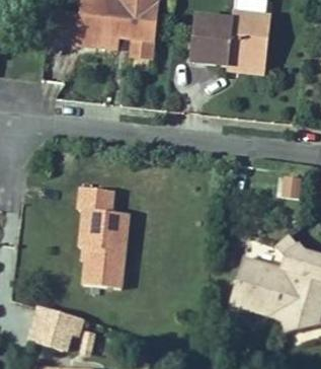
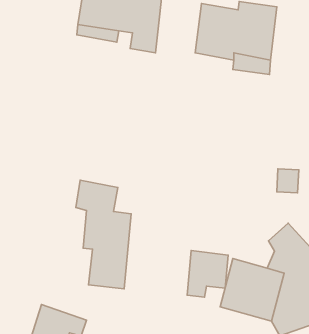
building: none -> [187,251,228,297]

